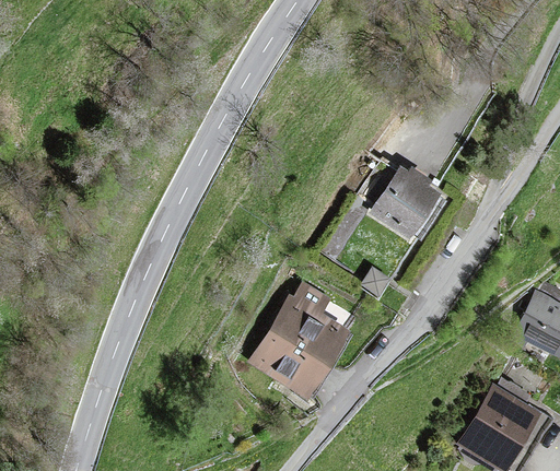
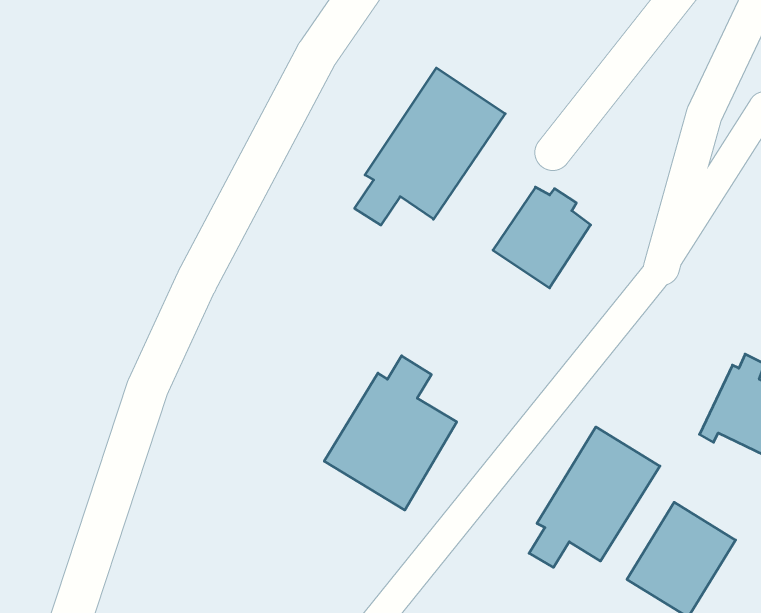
building: none -> [355,68,505,225]
building: none -> [529,427,660,567]

